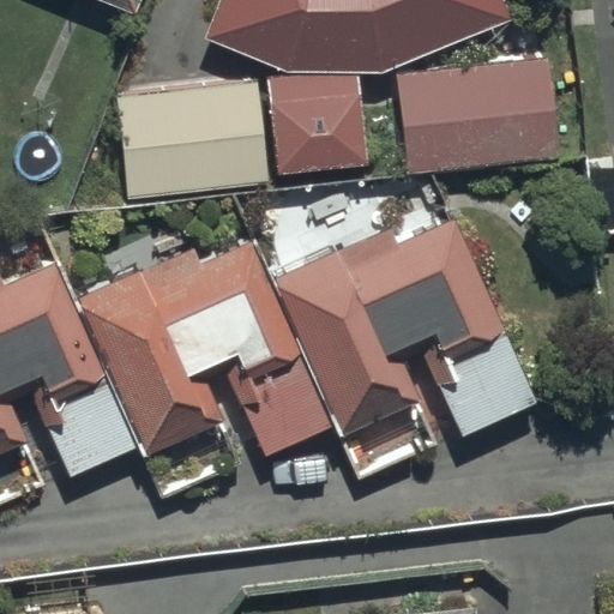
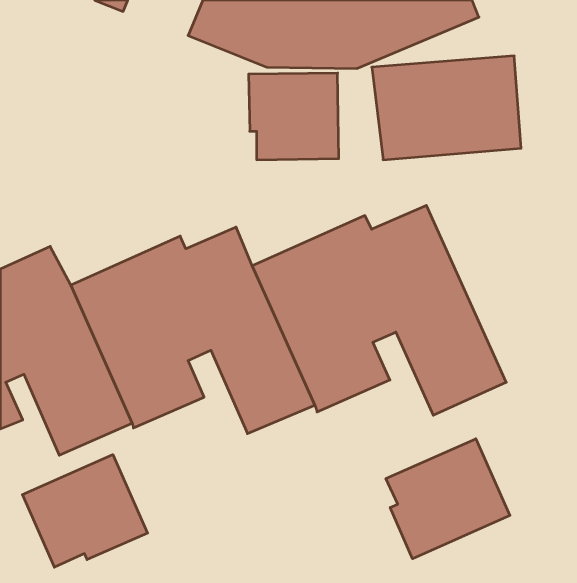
building: [119,82,266,197] -> none
building: none -> [386,439,510,559]
building: none -> [22,455,148,567]

